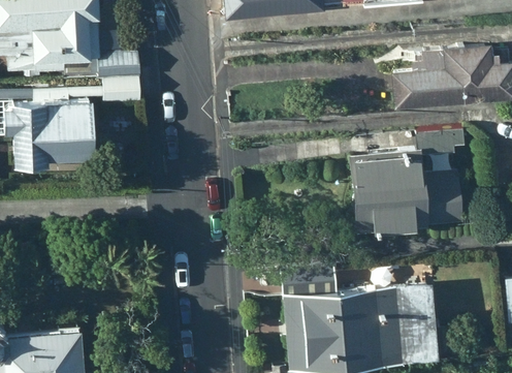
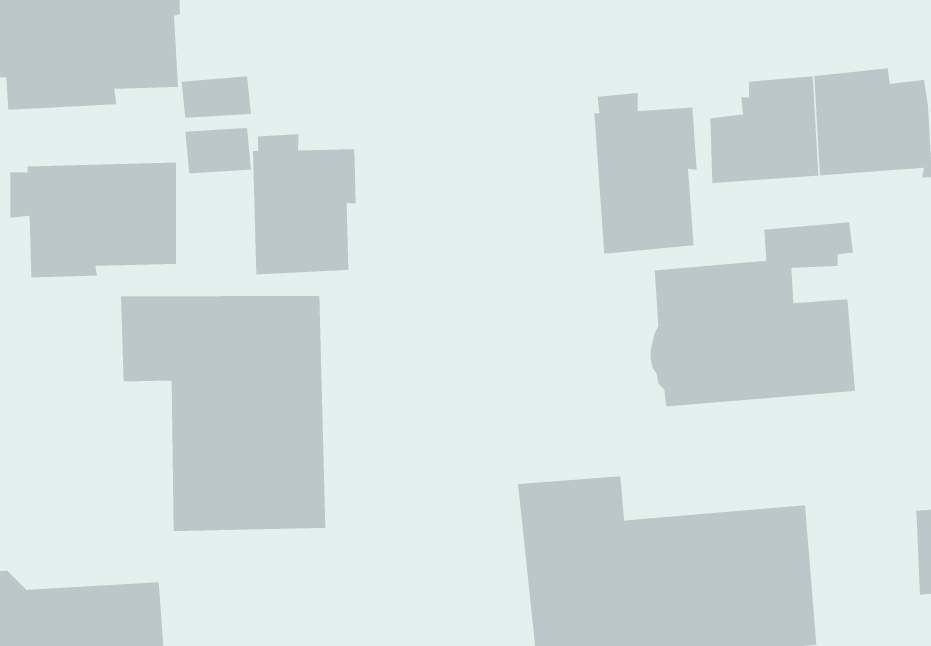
building: none -> [594,92,697,255]
building: none -> [253,134,356,275]
building: none -> [121,295,326,532]

